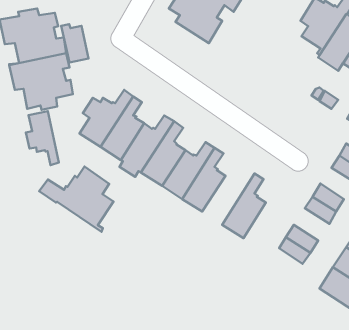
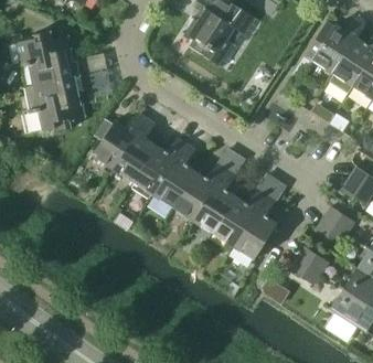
building: [61,24,89,62] -> none
building: [26,111,59,165] -> none
building: [39,167,114,232] -> none
building: none -> [214,190,266,246]

